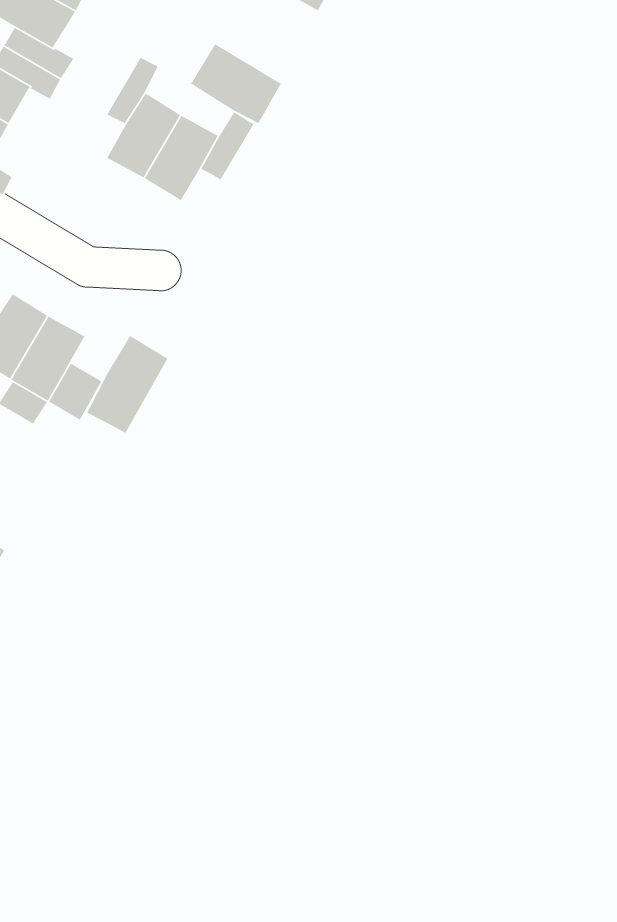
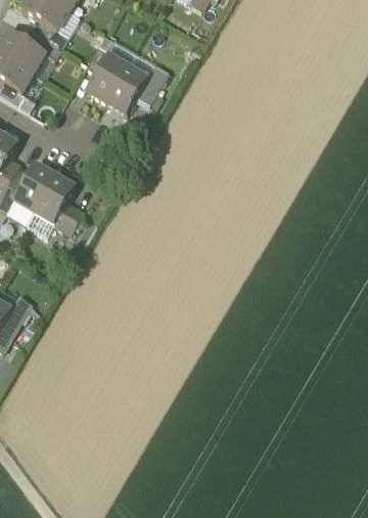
building: [189,43,282,124] -> none
building: [86,335,169,434] -> none

